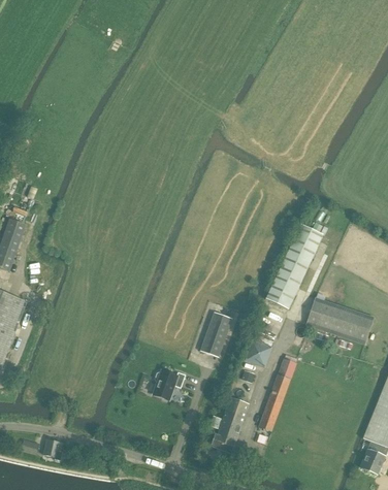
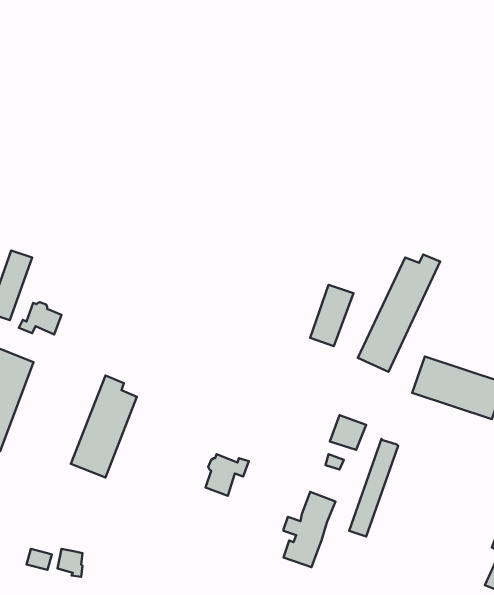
building: none -> [19,302,62,334]
building: none -> [71,375,137,478]
building: [200,312,232,357] -> [310,285,353,346]

